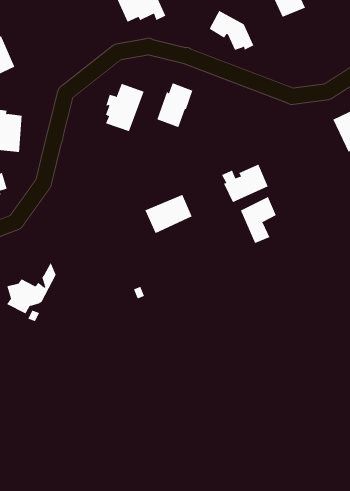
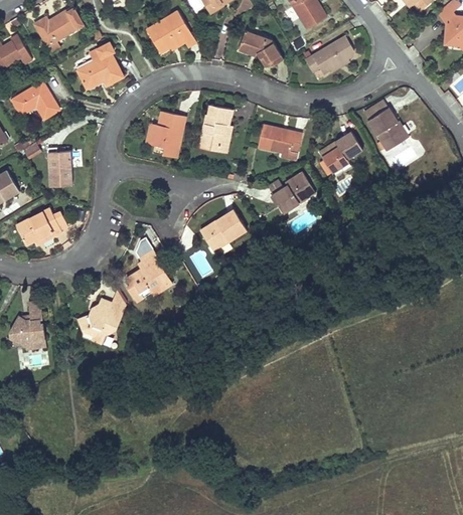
building: none -> [78,45,124,89]
building: none -> [306,36,353,73]
building: none -> [258,125,302,160]
building: none -> [319,132,362,172]
building: [240,196,276,244] -> none
building: none -> [128,249,172,302]

